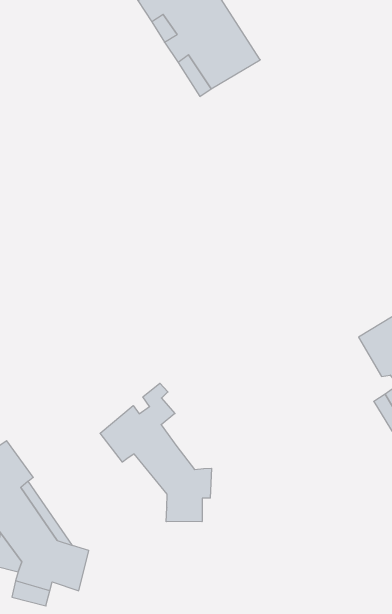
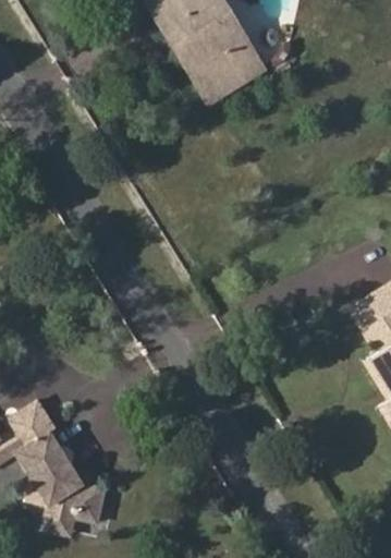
building: [100,383,212,522] -> none

